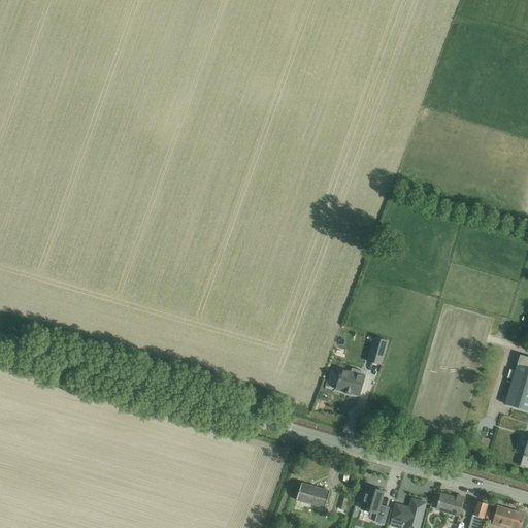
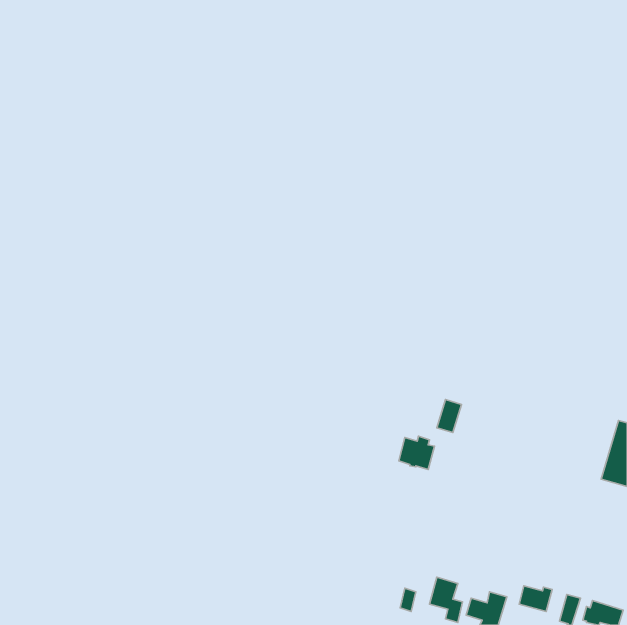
building: [295,486,328,512] -> none

